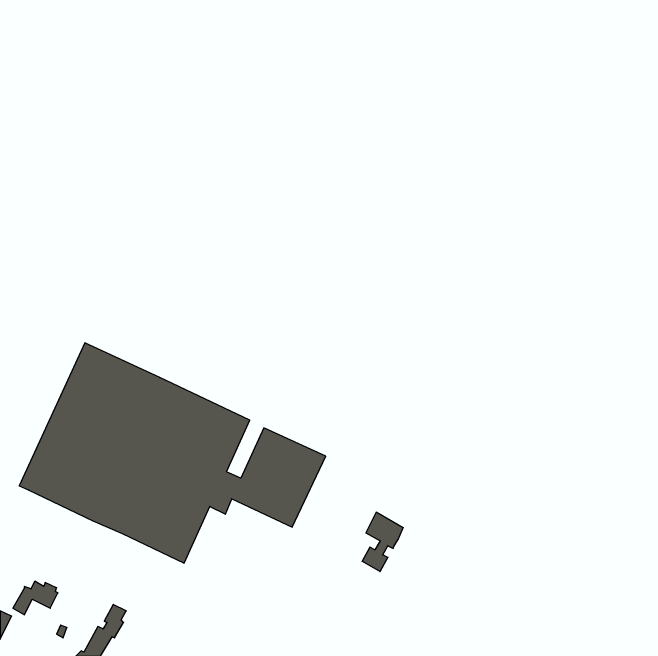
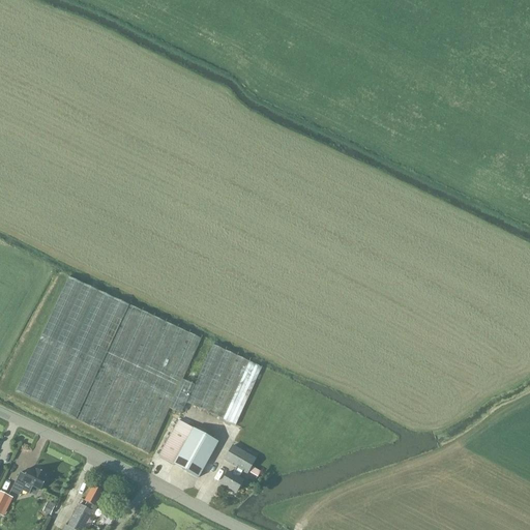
building: [362,512,403,572] -> [222,443,255,491]
building: none -> [158,418,218,476]

